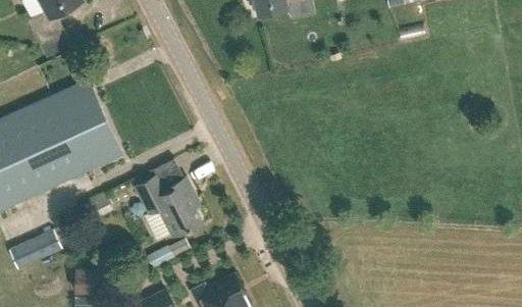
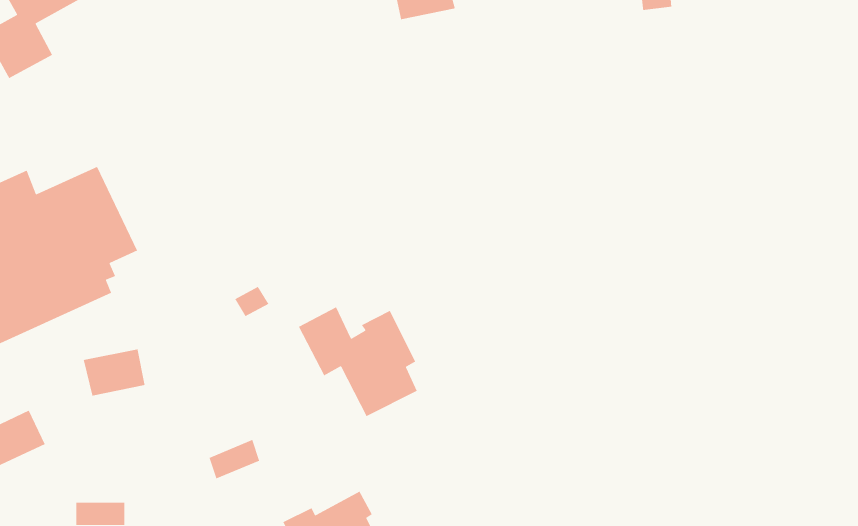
building: [136,173,202,235] -> [298,306,418,417]

